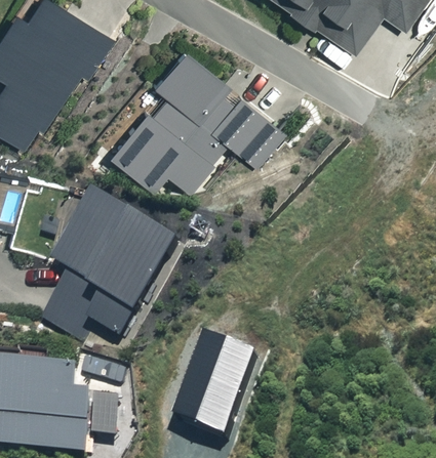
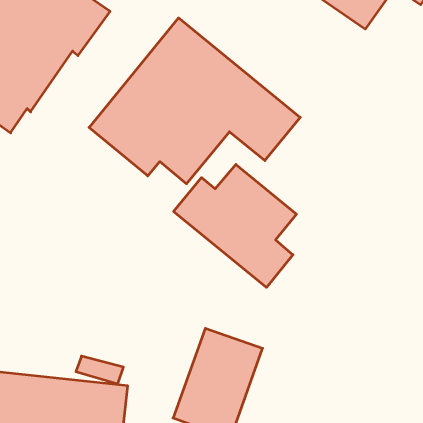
building: none -> [174,164,296,287]
building: [40,184,180,341] -> none

